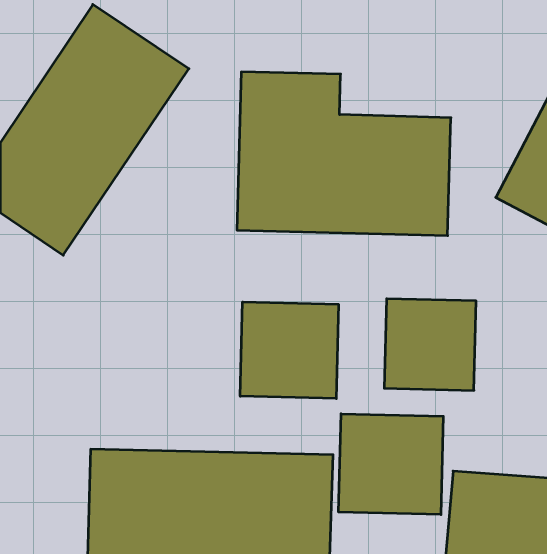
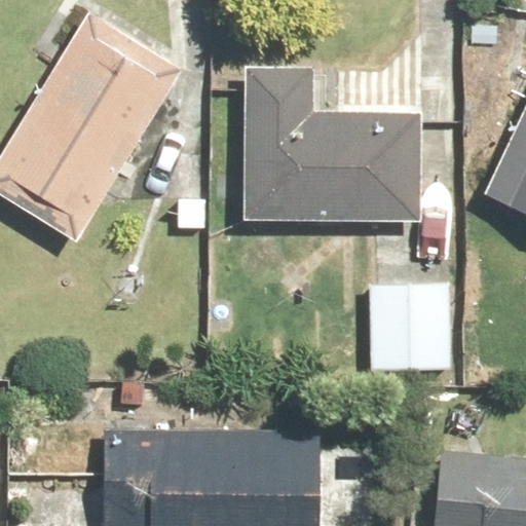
building: [240,302,338,399] -> none
building: [339,414,443,515] -> none

